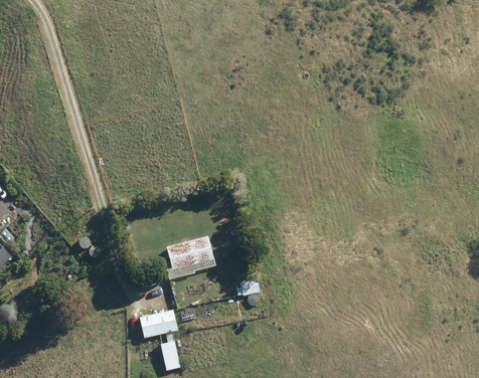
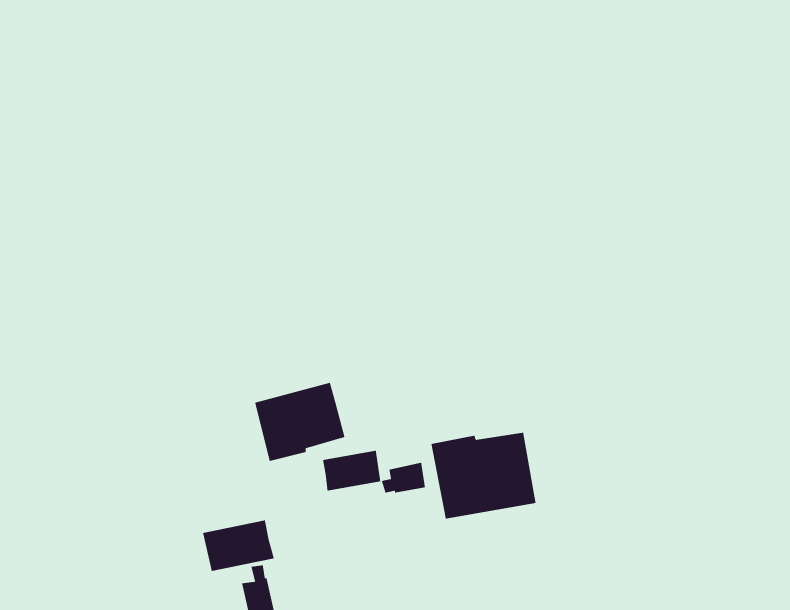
building: none -> [431,432,536,520]
building: none -> [322,450,381,491]

